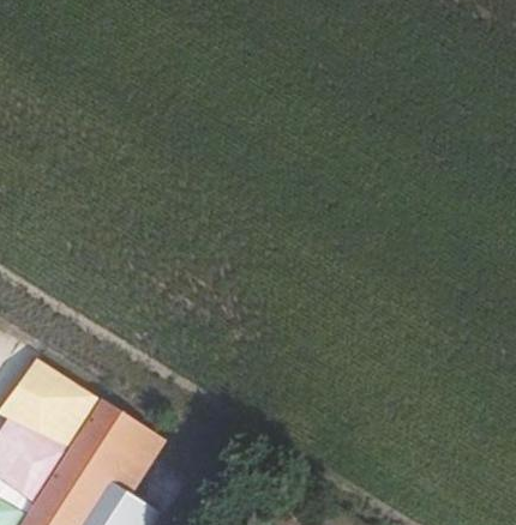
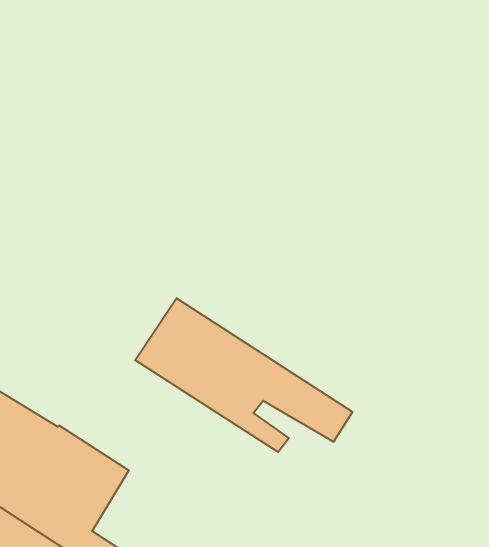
building: none -> [135,298,352,452]

